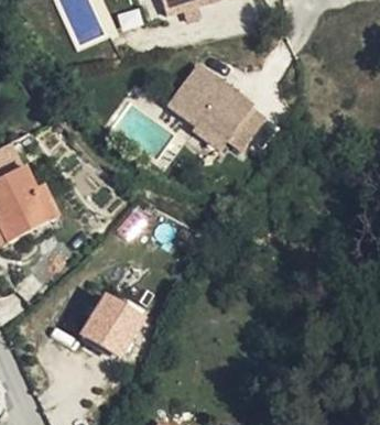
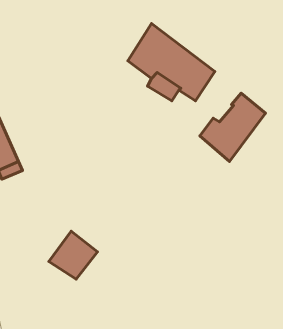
building: none -> [200,93,265,161]

